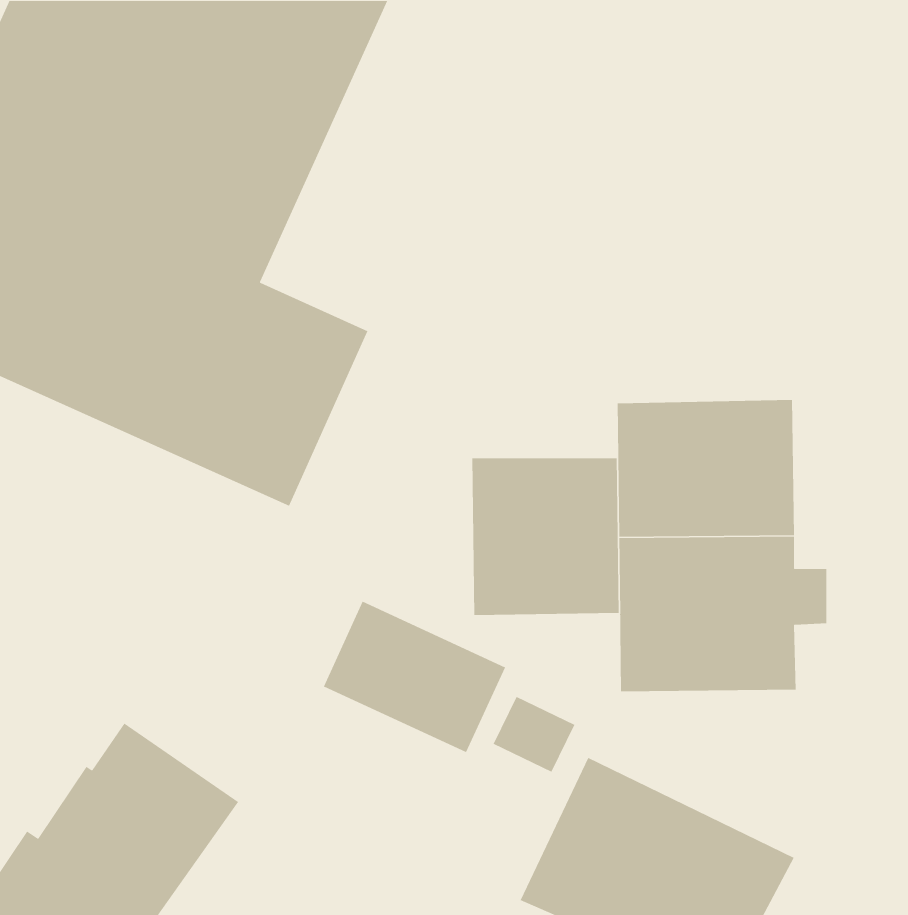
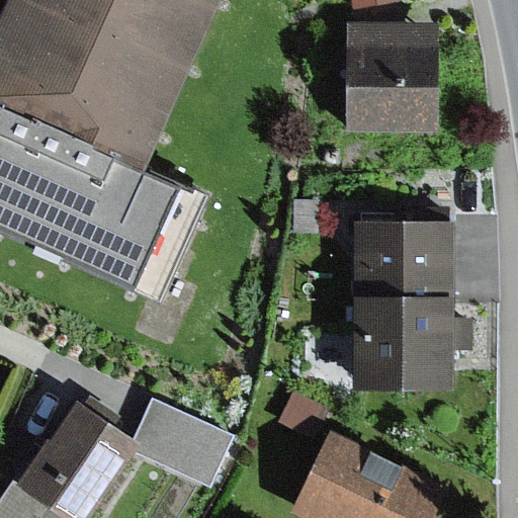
building: none -> [347,39,439,128]
building: [471,457,619,616] -> none
building: [323,600,506,753] -> [128,398,232,484]

